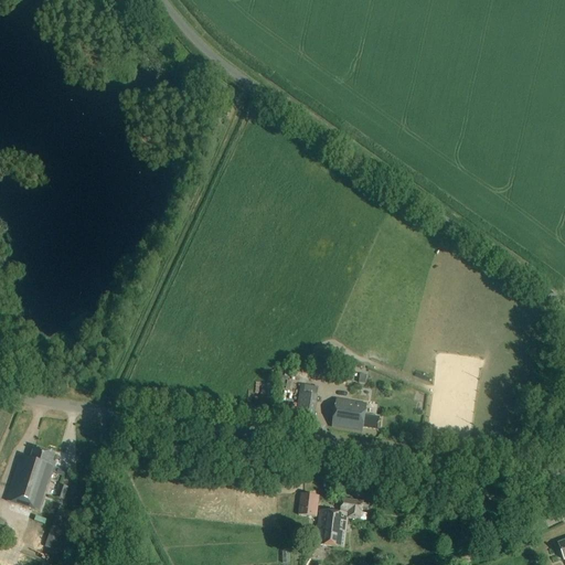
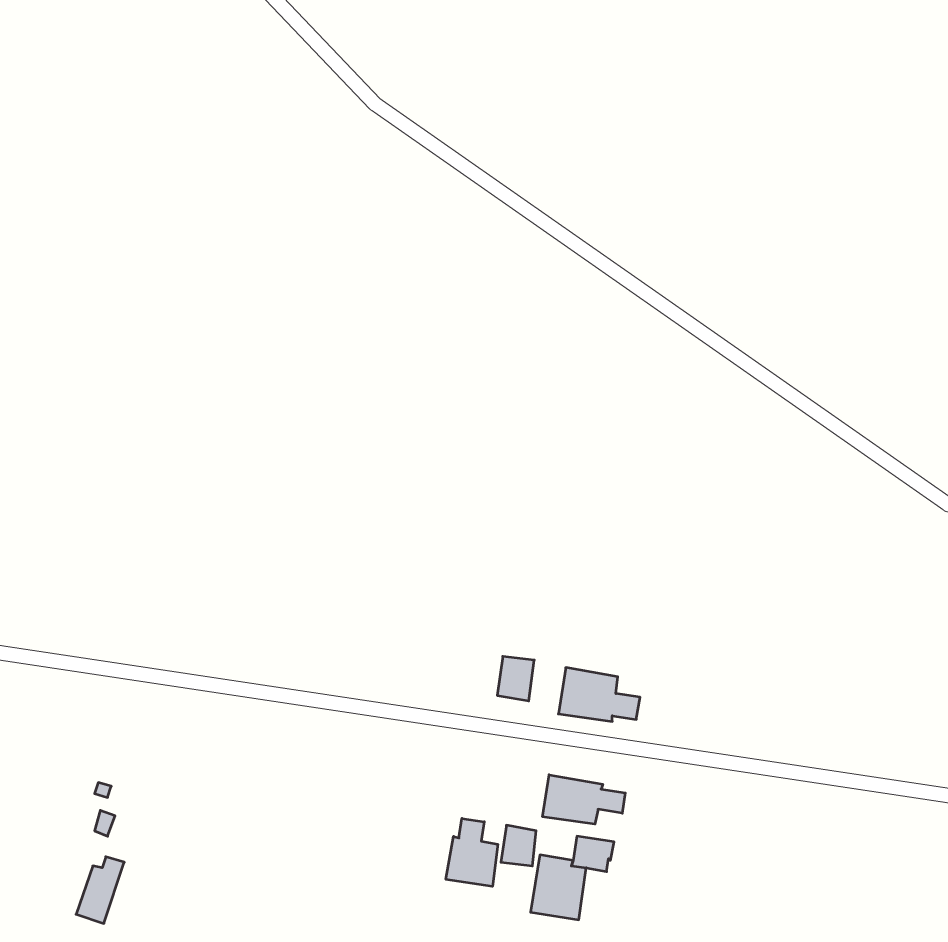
building: [8,445,56,512] -> none
building: none -> [543,775,625,824]
building: none -> [446,818,498,886]

